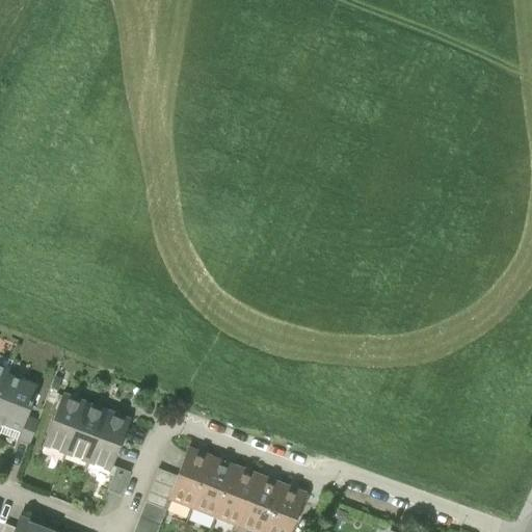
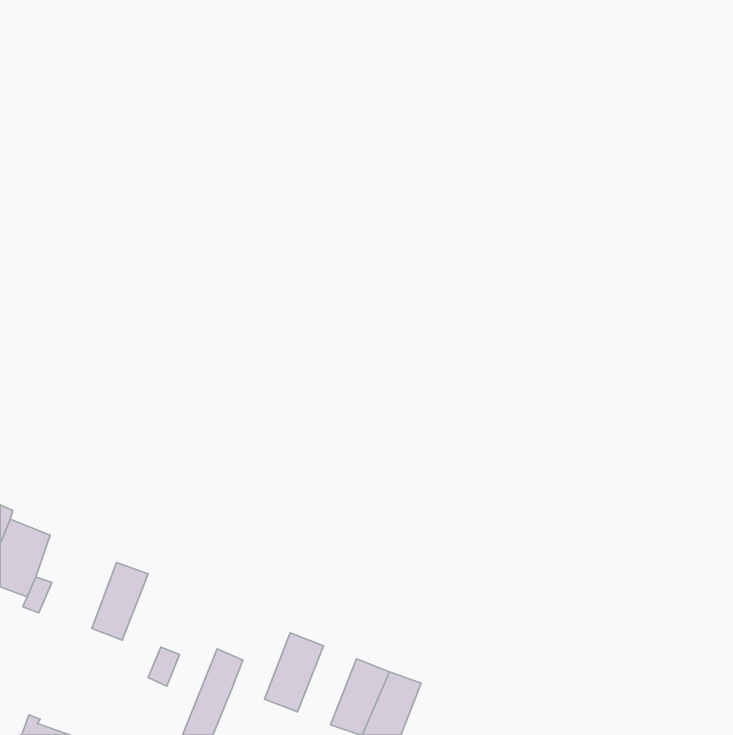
building: [46,398,85,454] -> none
building: [89,415,130,471] -> none
building: [169,448,211,505] -> none
building: [216,467,259,524] -> none

